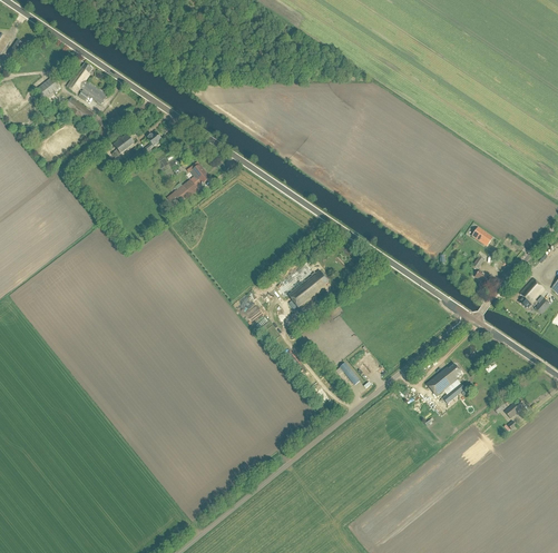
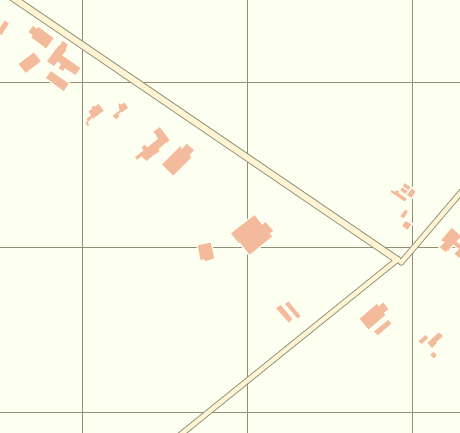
building: none -> [28,25,55,49]
building: none -> [161,143,195,176]

